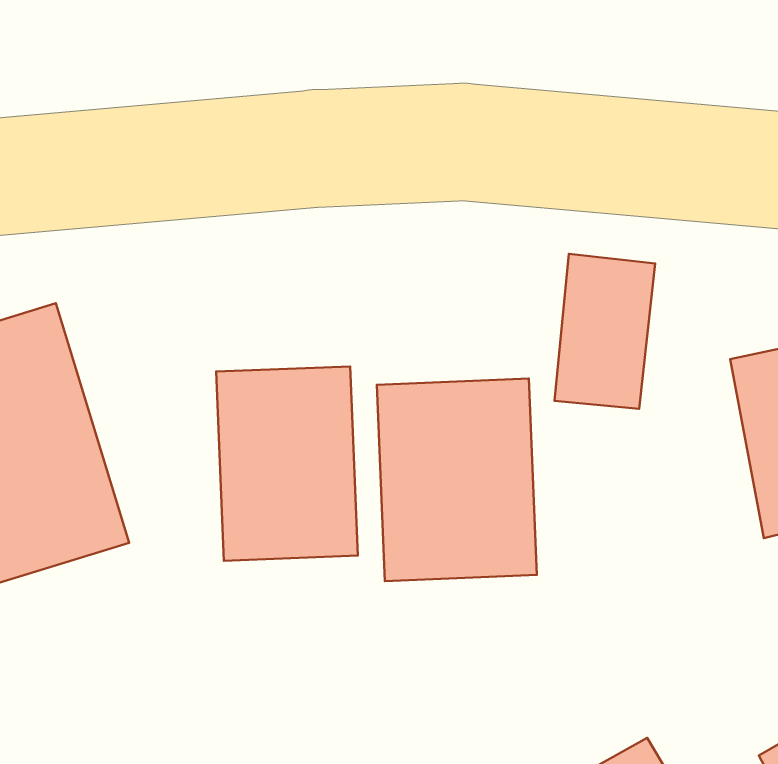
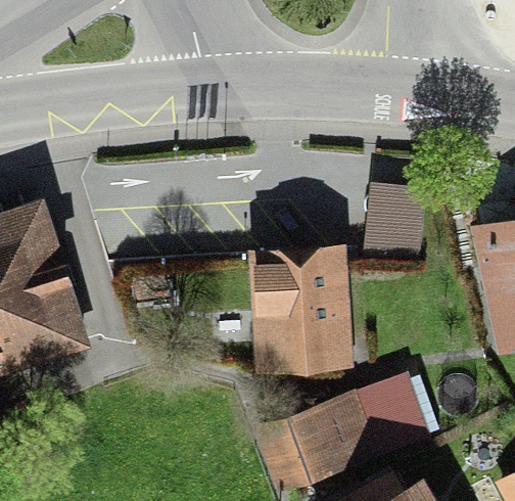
building: [216,366,358,561] -> none
building: none -> [286,375,438,484]

